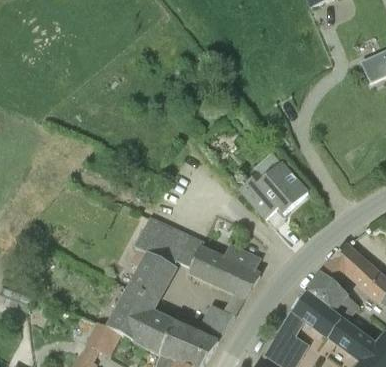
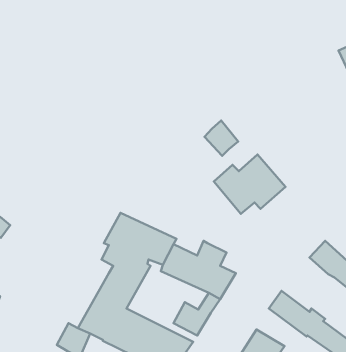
building: none -> [205,121,238,156]
building: [304,272,358,319] -> none

